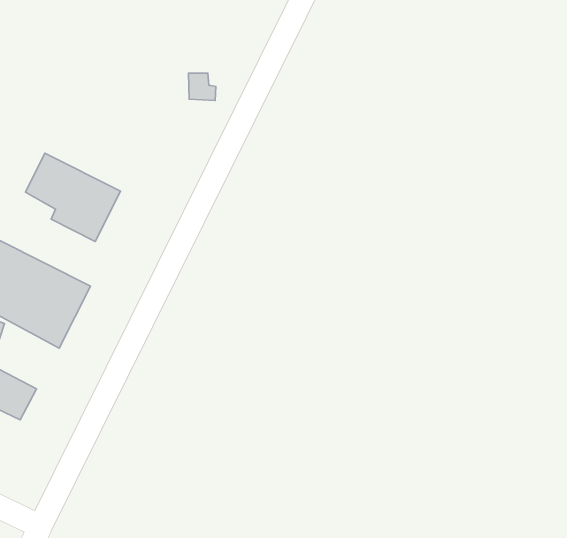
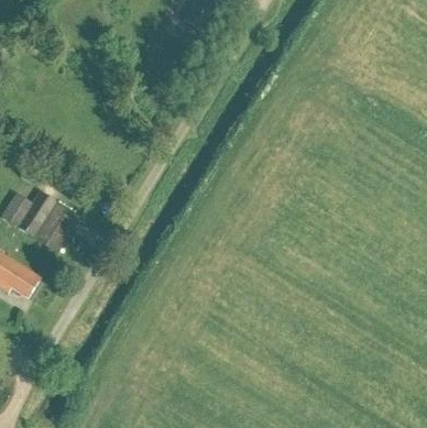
building: [25,153,120,242] -> none

